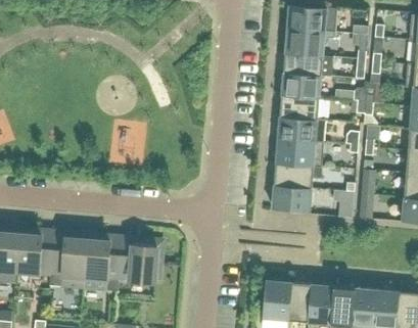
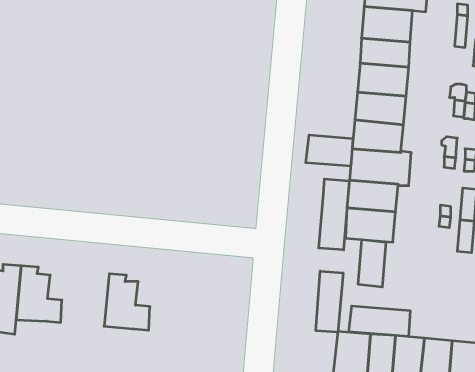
building: none -> [306,135,353,166]
building: none -> [319,179,349,250]
building: none -> [358,240,386,287]
building: none -> [316,271,343,332]
building: [50,235,89,287] -> none
building: [120,240,160,283] -> none
building: none -> [349,306,410,337]

